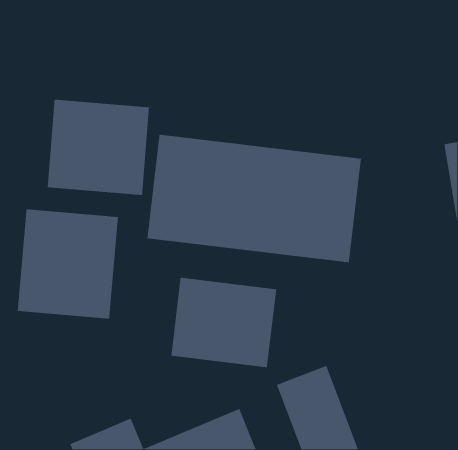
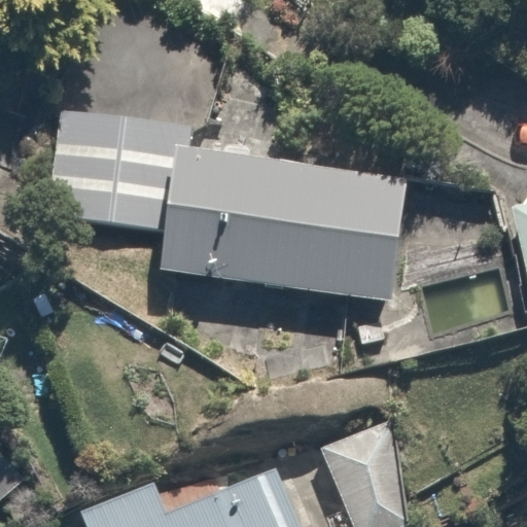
building: [17,209,119,319] -> none
building: [170,277,277,368] -> none

